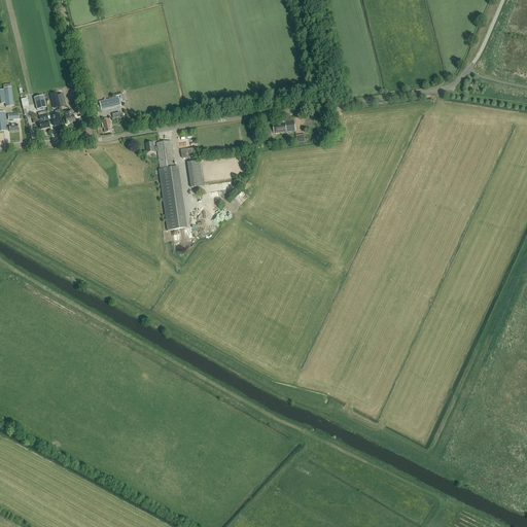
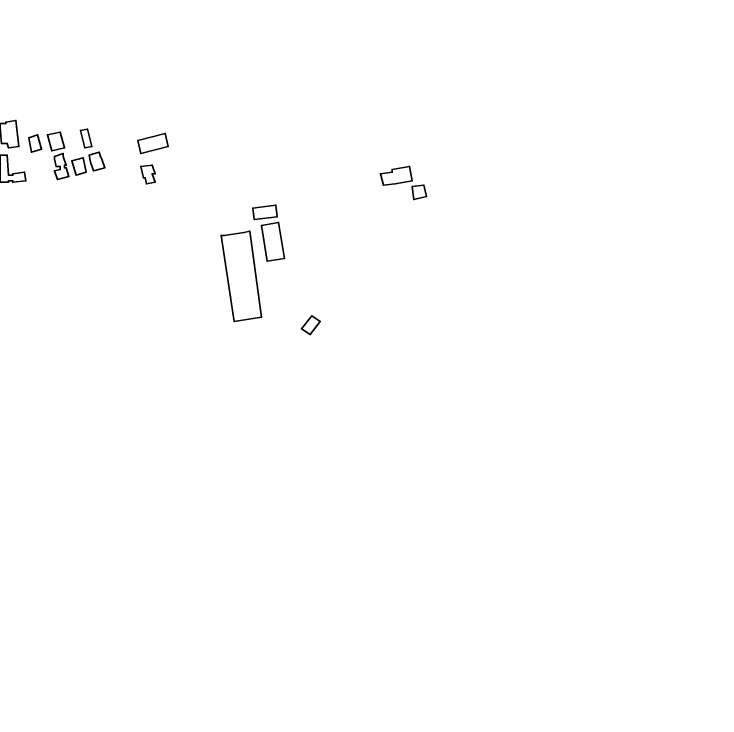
building: [146,140,175,169] -> none

